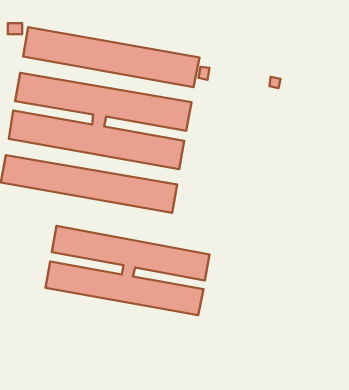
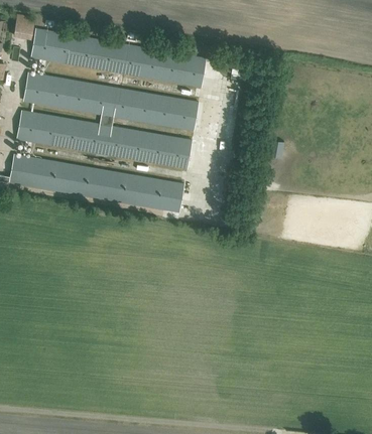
building: [46,226,209,315] -> none

